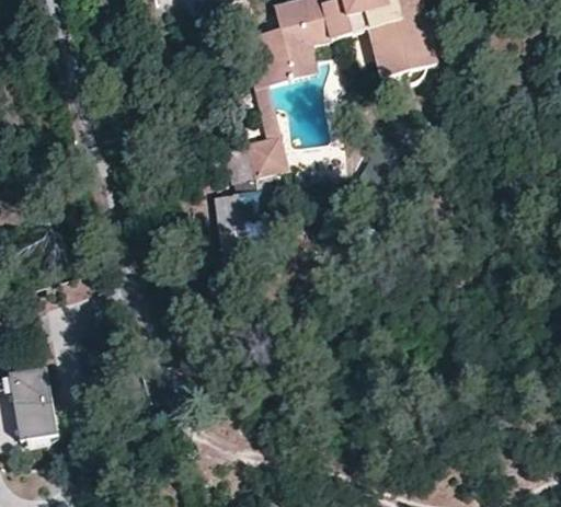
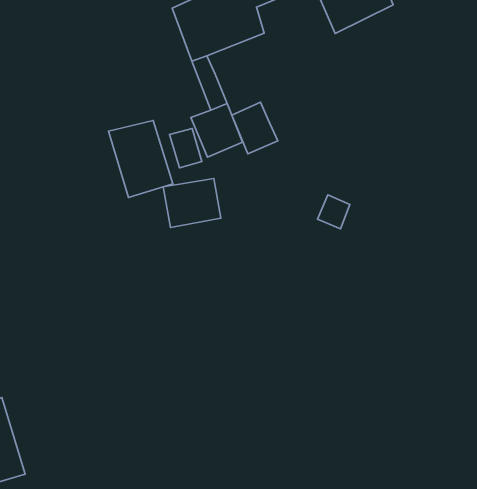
building: none -> [232,102,278,154]
building: none -> [108,121,173,198]

